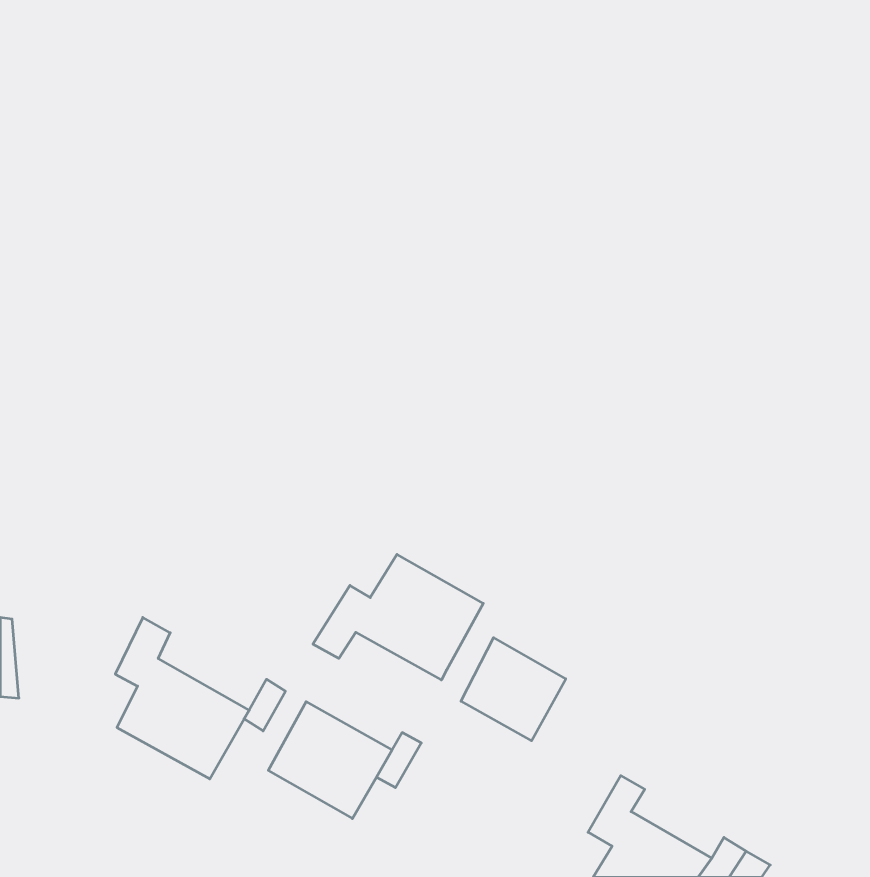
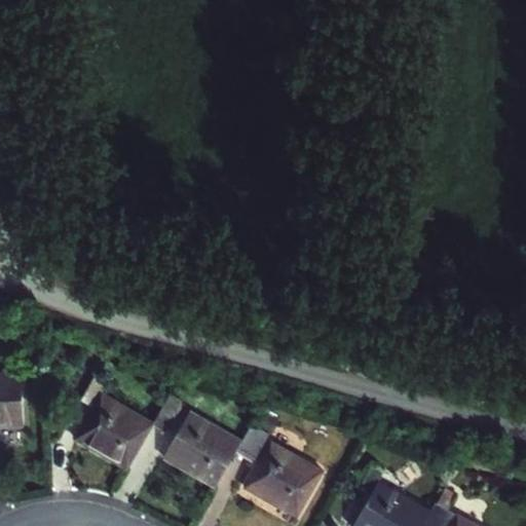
building: [313,554,483,680] -> none
building: [461,638,566,741] -> [250,452,312,514]

